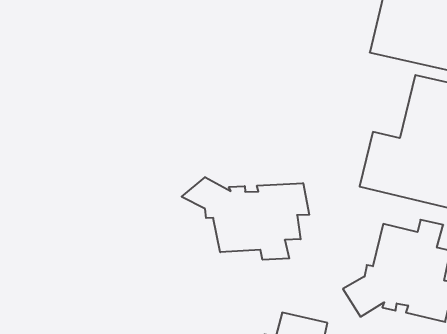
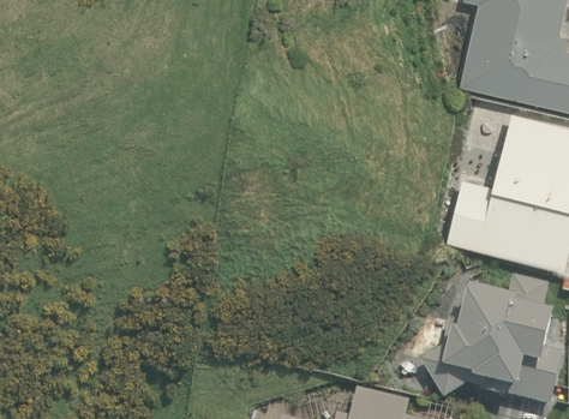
building: [182,177,309,260] -> none

